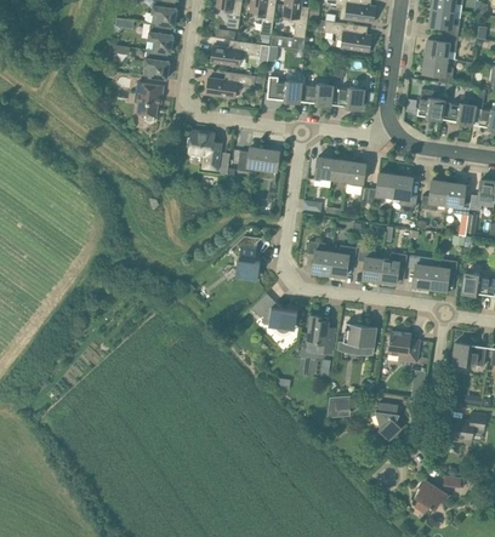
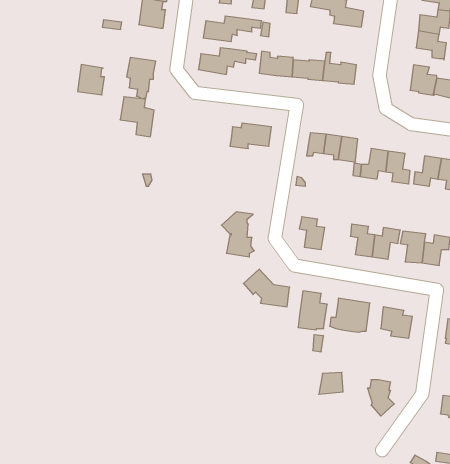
building: [143,50,170,80] -> [78,65,104,95]
building: [188,131,222,171] -> [120,97,154,137]
building: [329,246,357,276] -> none

